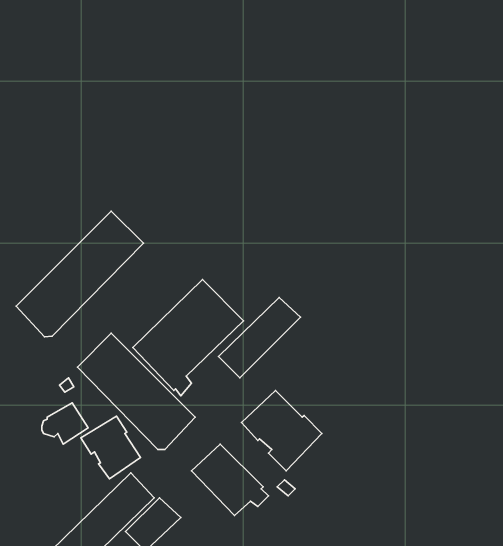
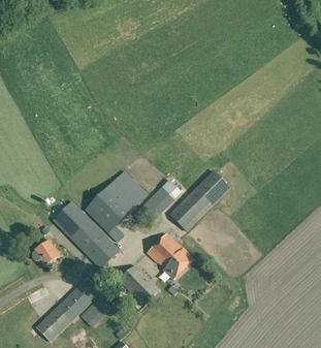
building: [16,211,143,337] -> none
building: none -> [169,170,230,230]
building: [81,416,140,479] -> none

